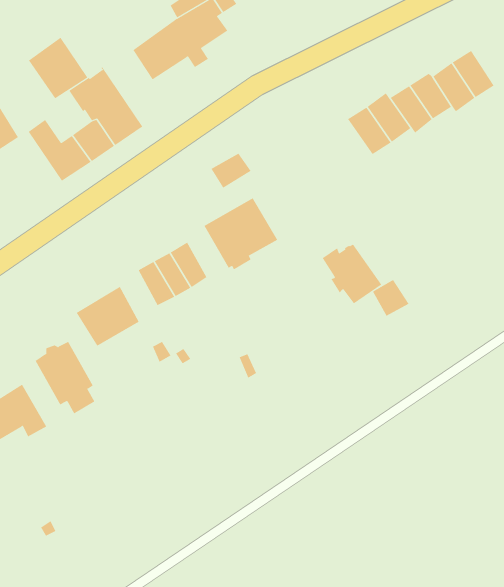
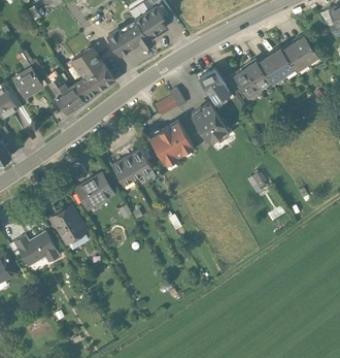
building: [28,37,88,99] -> none
building: none -> [200,72,230,103]
building: [322,244,382,304] -> [191,107,226,142]

